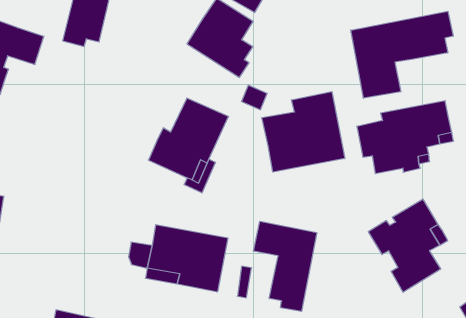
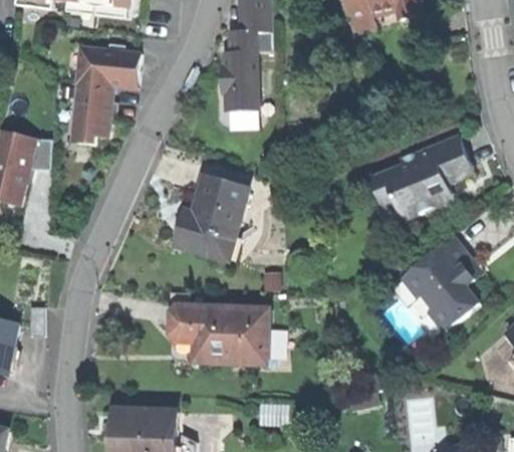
building: [351,11,453,98] -> none
building: [262,92,345,172] -> none
building: [254,221,317,311] -> none

